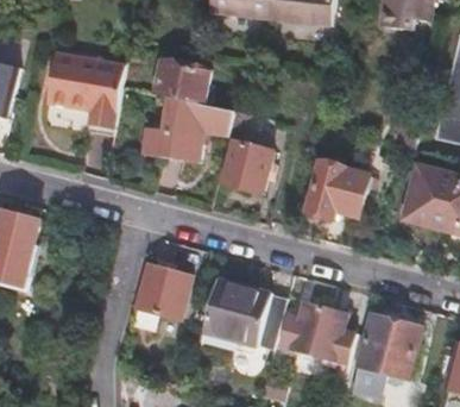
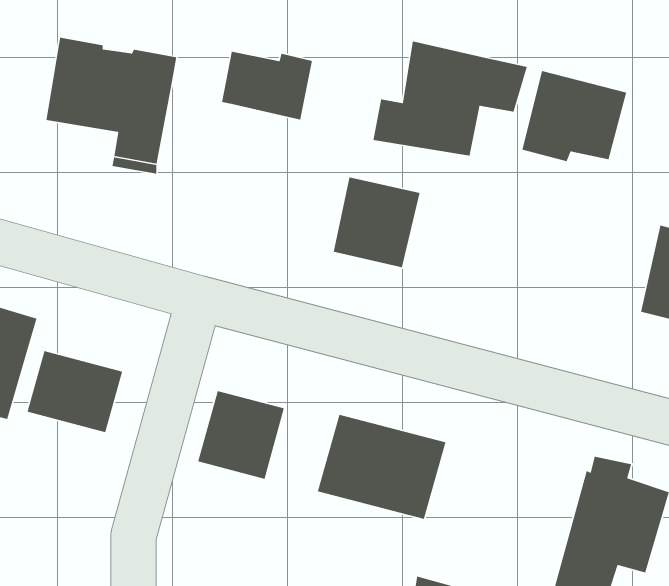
building: [134,94,227,163] -> [372,41,528,156]
building: [308,163,371,218] -> [521,70,627,162]
building: none -> [27,350,123,433]
building: [279,283,354,363] -> none

